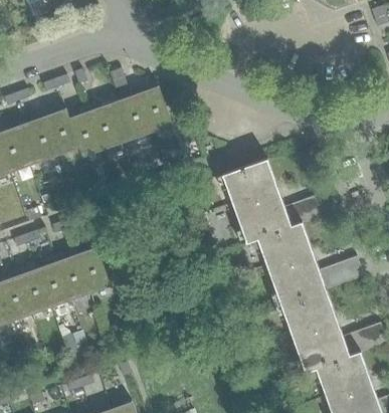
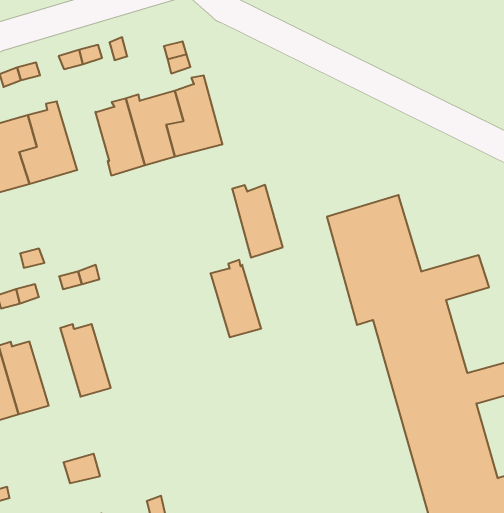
building: [137,85,172,133] -> [232,185,283,257]
building: [43,109,79,156] -> none
building: [75,244,111,294] -> [210,260,261,337]
building: [36,258,71,308] -> none

